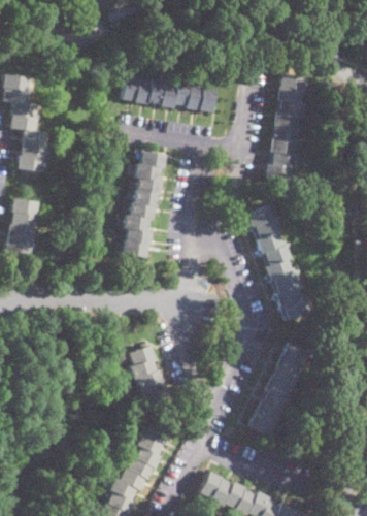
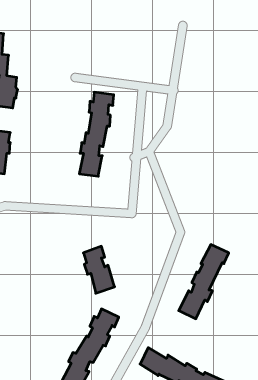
building: [266,74,306,181] -> none
building: [123,75,216,112] -> none
building: [247,205,311,320] -> none

